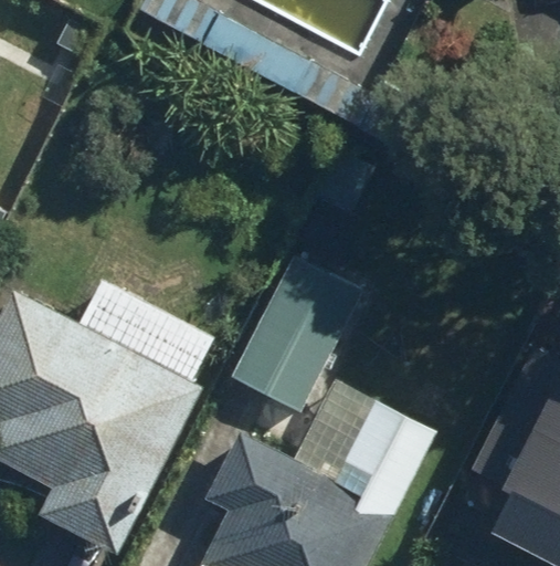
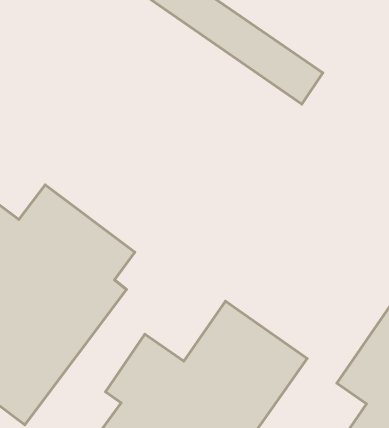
building: [225,256,364,418] -> none

